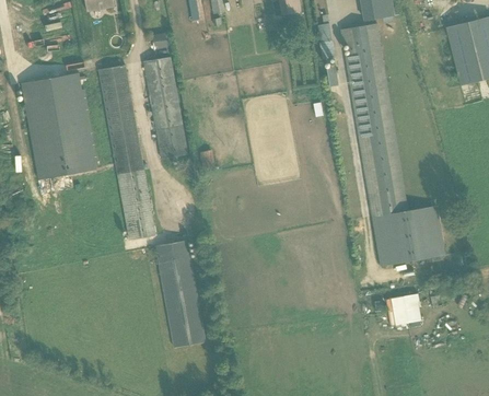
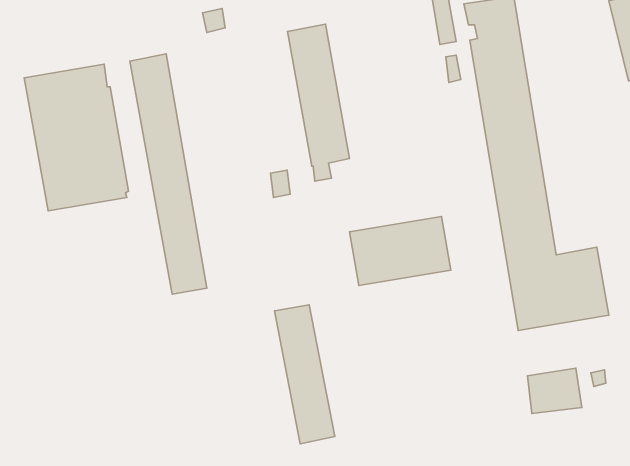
building: [142,56,187,170] -> [288,24,350,181]
building: none -> [349,216,451,286]
building: [159,247,202,348] -> [275,305,335,444]

